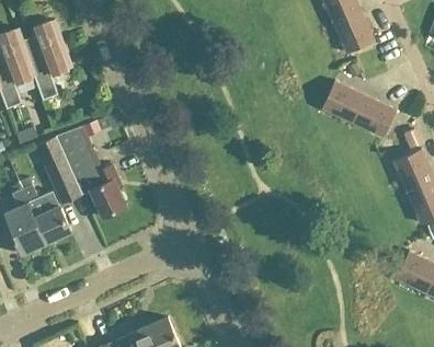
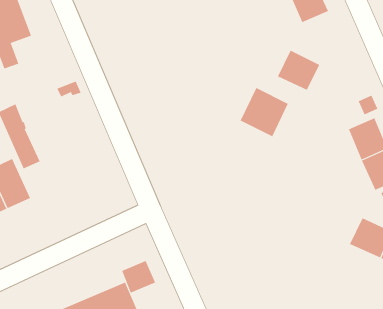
building: [353,96,397,138] -> none
building: none -> [240,87,289,137]
building: [57,128,126,219] -> none
building: none -> [121,260,156,294]

